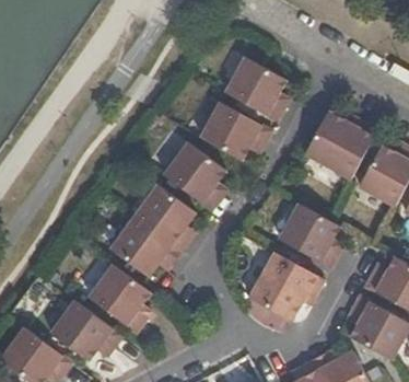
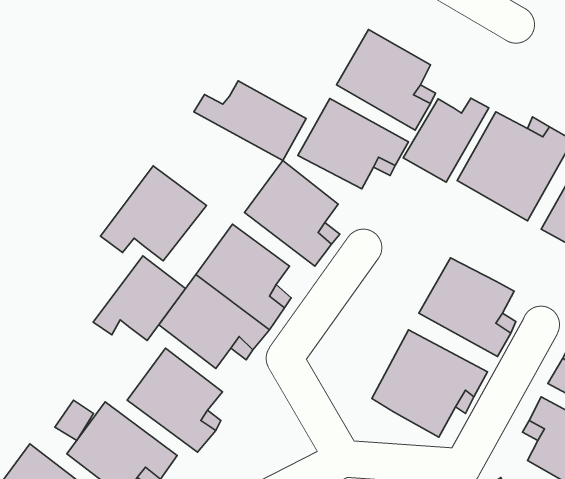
building: none -> [194,81,306,160]
building: none -> [403,98,489,182]
building: none -> [100,166,206,261]
building: none -> [93,256,185,341]

